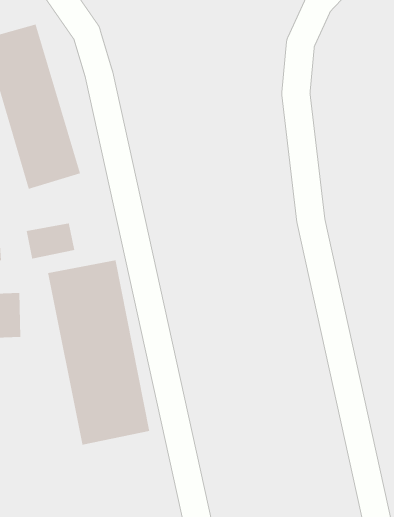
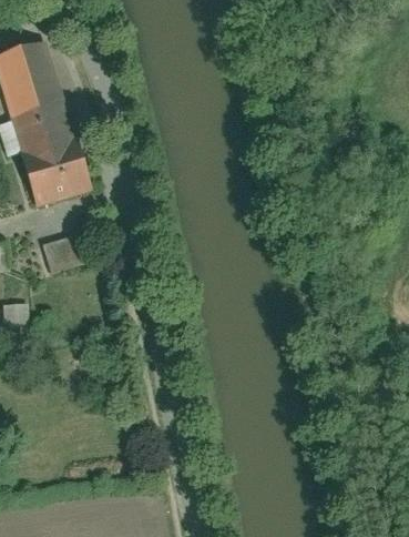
building: [48,259,150,446] -> none

